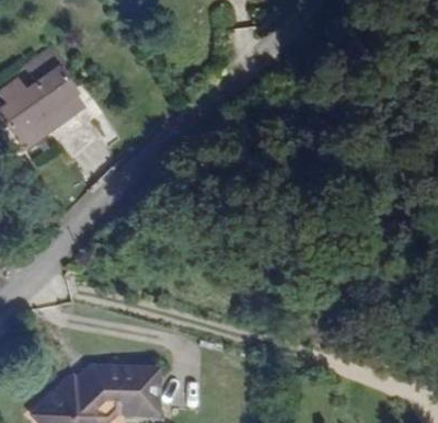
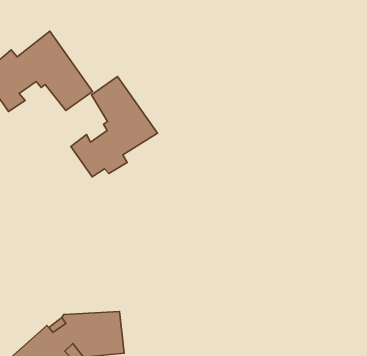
building: none -> [71,77,157,177]

